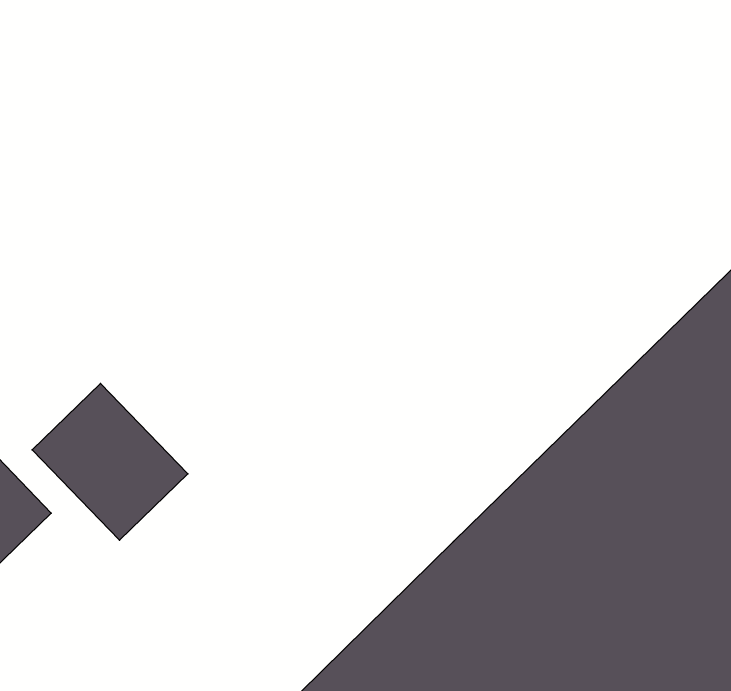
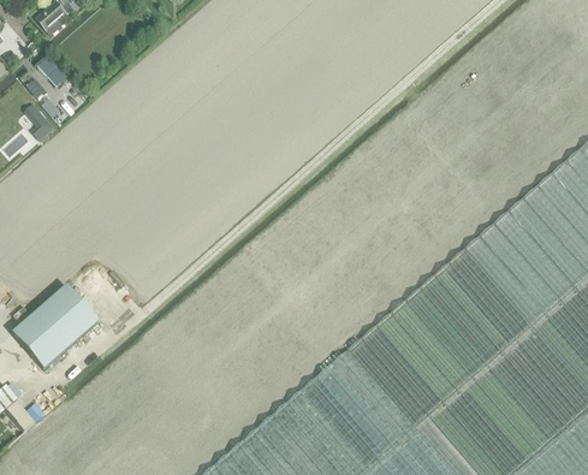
building: [32,384,188,540] -> none

